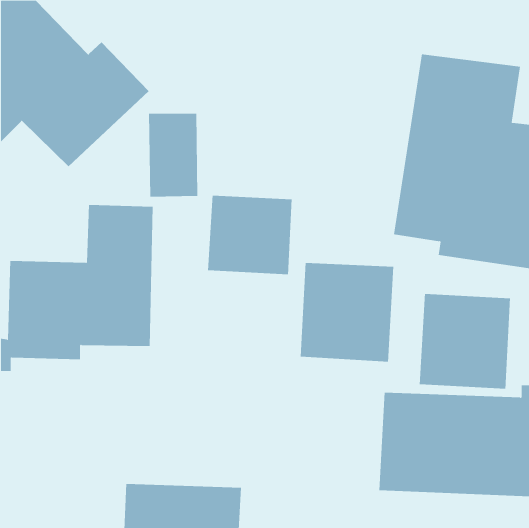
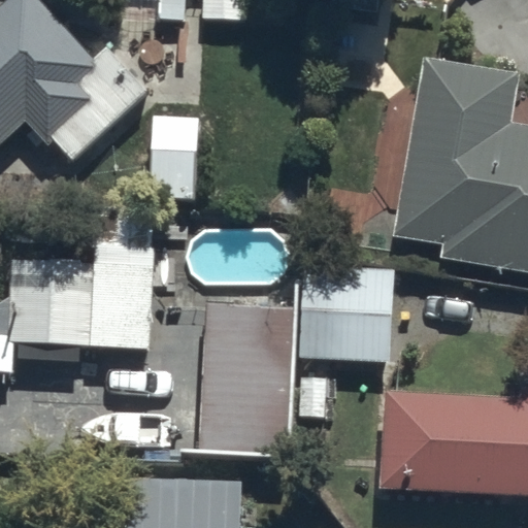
building: [207,195,292,275] -> none
building: [419,293,511,389] -> none
building: none -> [199,303,289,450]

